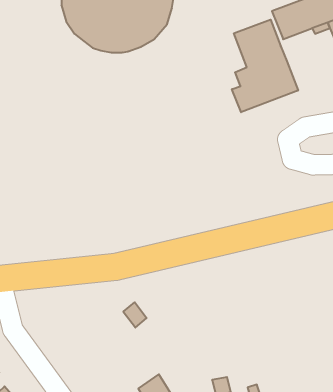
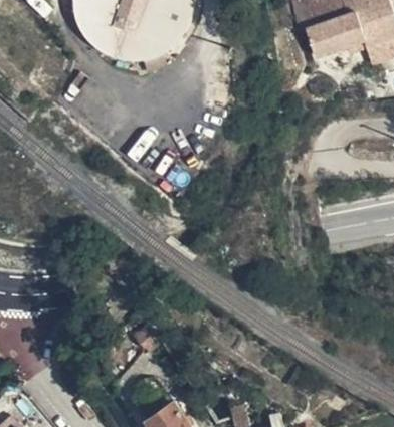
building: [232,20,298,112] -> none

